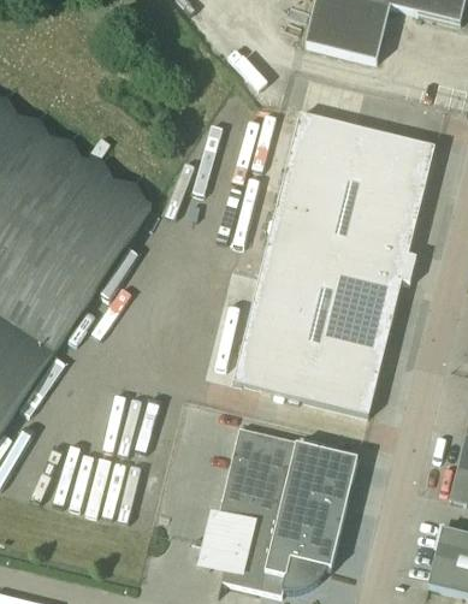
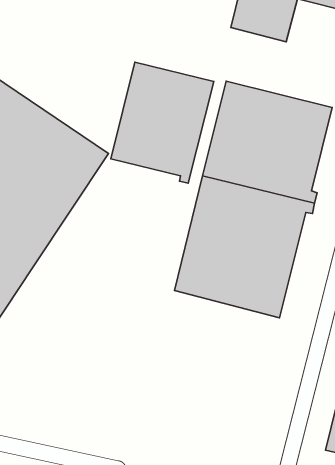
building: none -> [111,62,214,183]
building: [194,427,360,596] -> none

